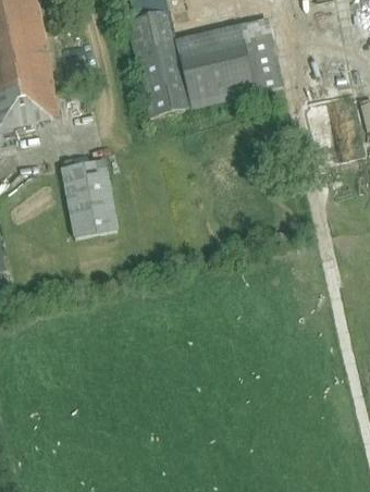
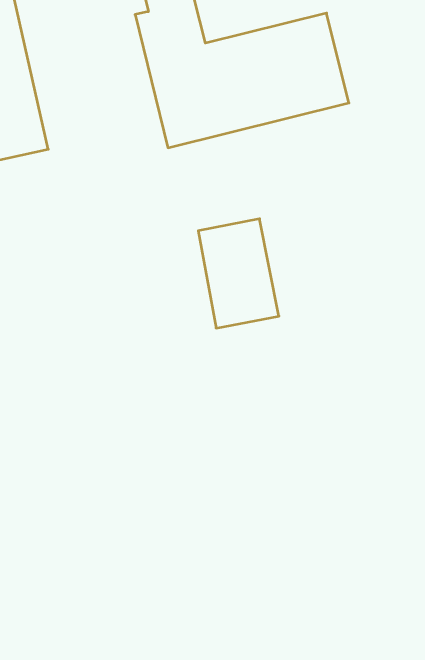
building: [60,159,119,238] -> [198,219,279,328]

